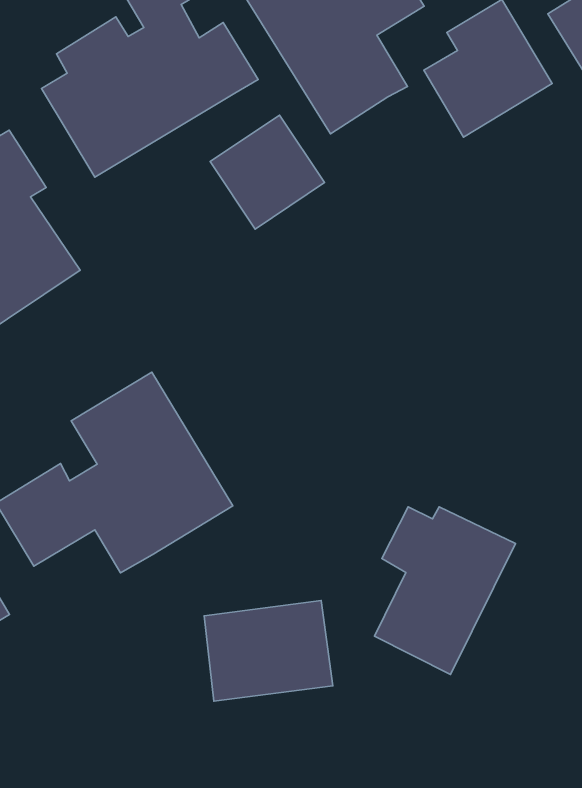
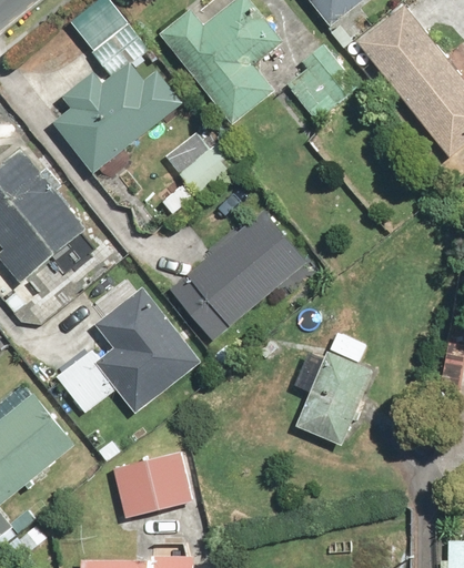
building: none -> [167,206,307,341]
building: [204,601,333,701] -> [108,453,191,521]

